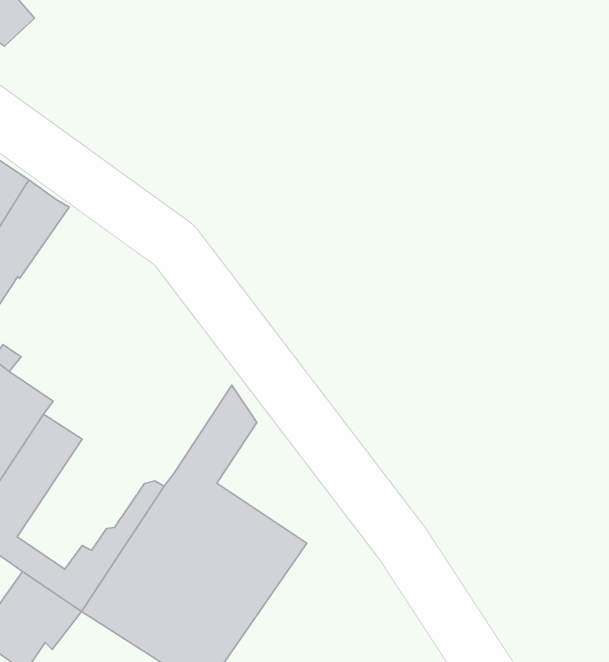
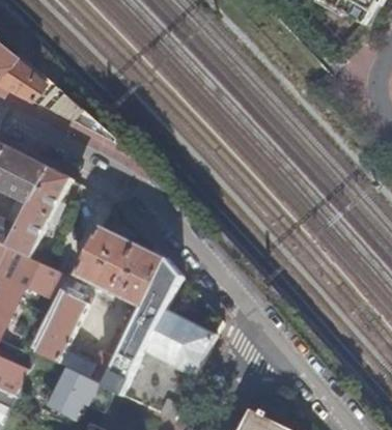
building: none -> [75,224,165,306]

